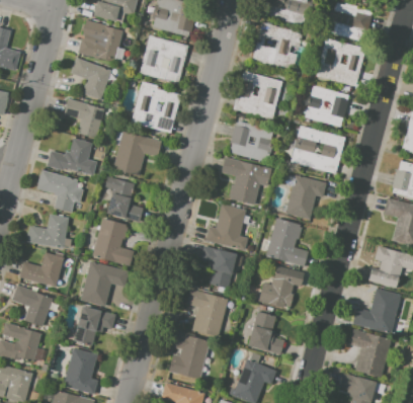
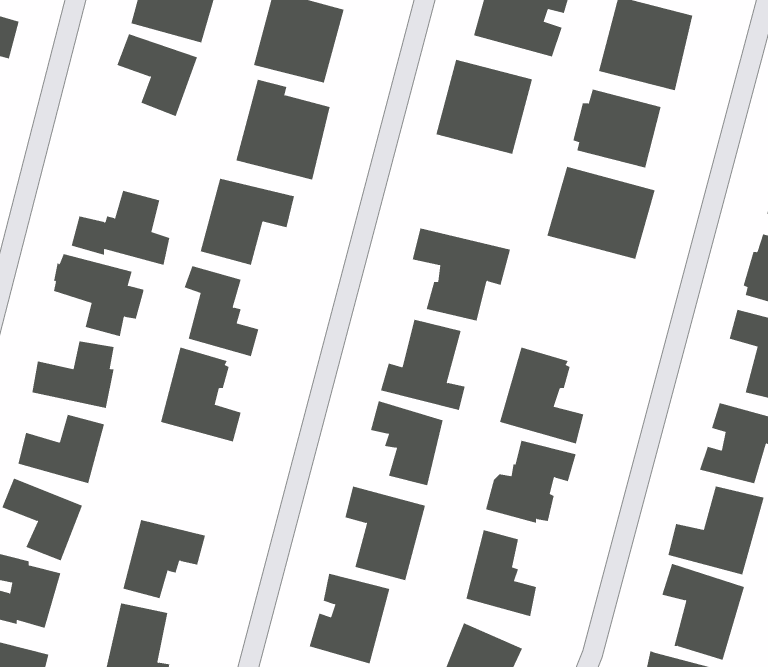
building: [64,99,104,139] -> none
building: [230,122,274,161] -> none
building: [284,176,326,220] -> none
building: [80,261,129,306] -> none

